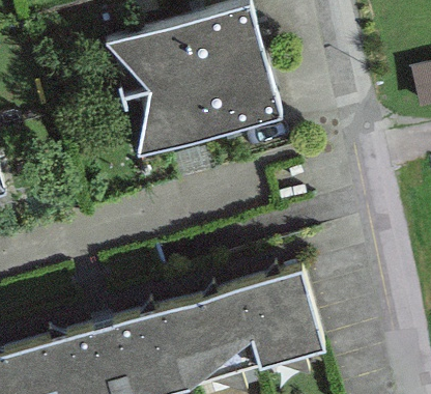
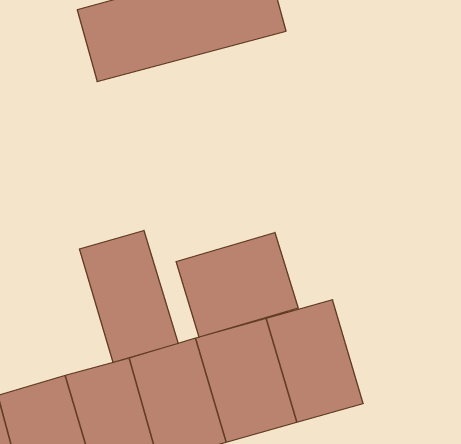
building: [118,60,281,159] -> none
building: none -> [80,230,178,363]
building: none -> [176,232,298,337]

